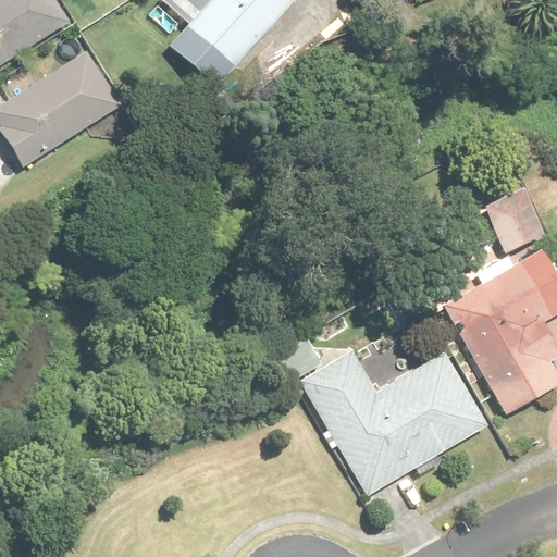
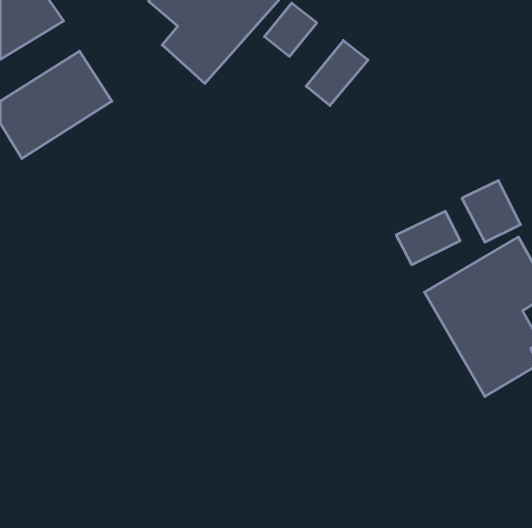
building: none -> [306,40,368,106]
building: none -> [396,211,460,265]
building: [278,337,487,494] -> none

